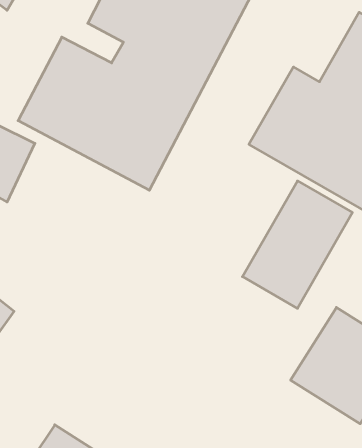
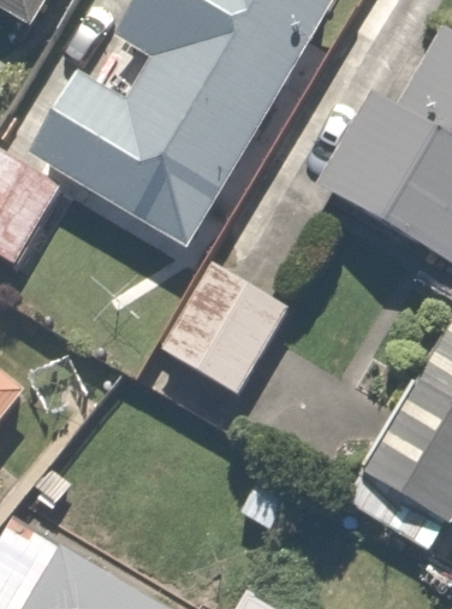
building: [242,181,352,308] -> none
building: none -> [160,261,286,395]

